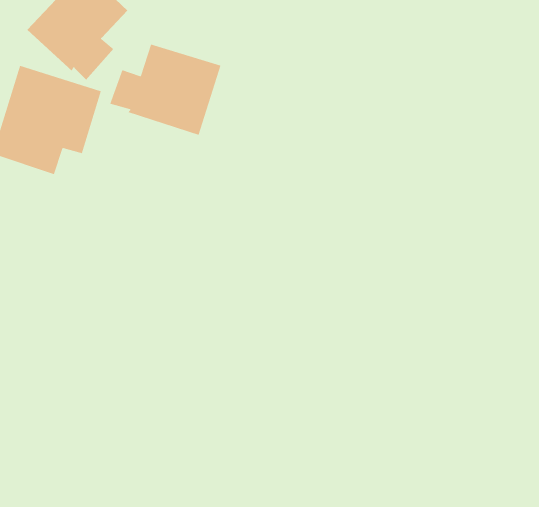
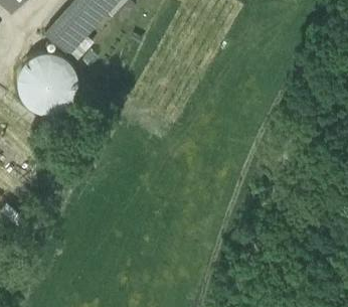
building: [109,43,221,136] -> none

